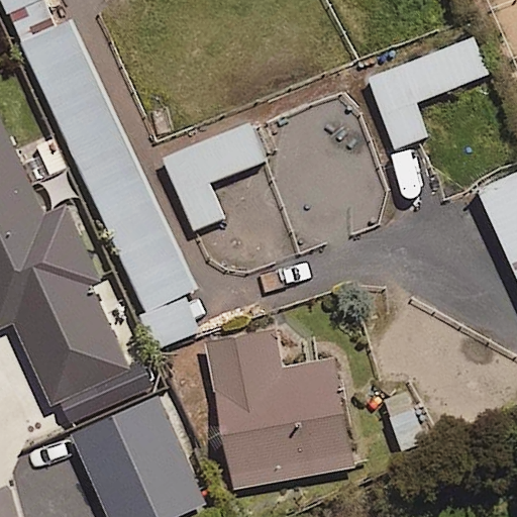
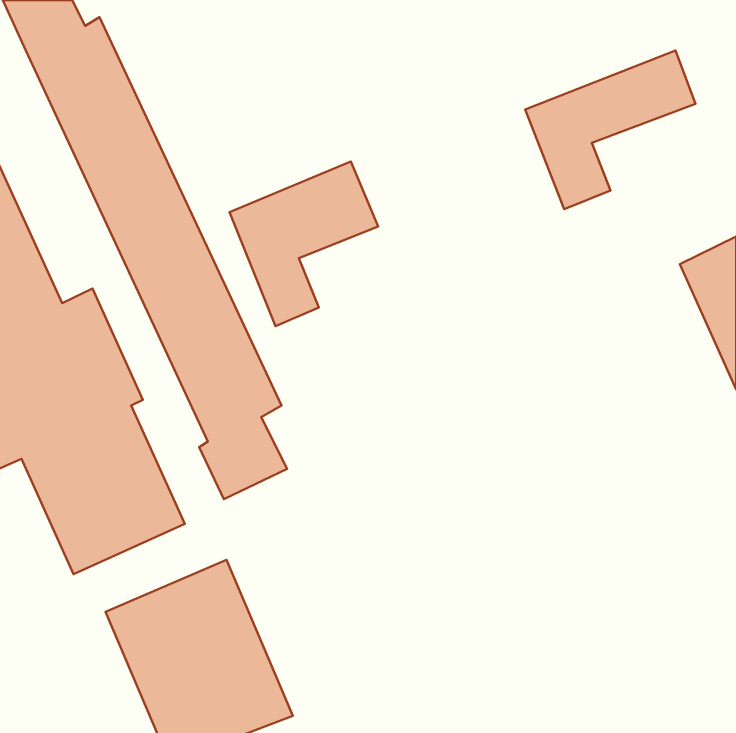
building: [204,328,354,490] -> none

